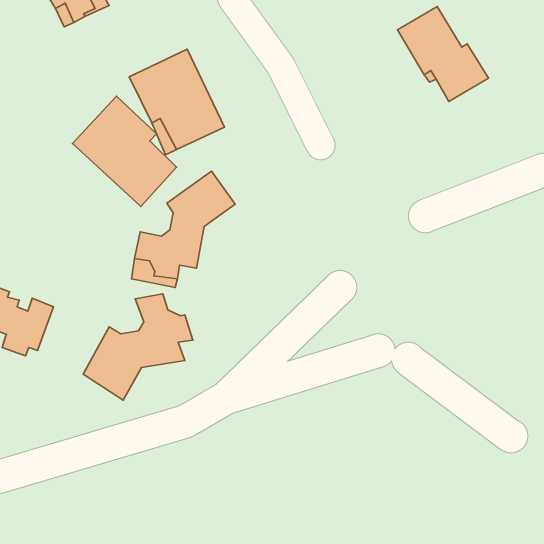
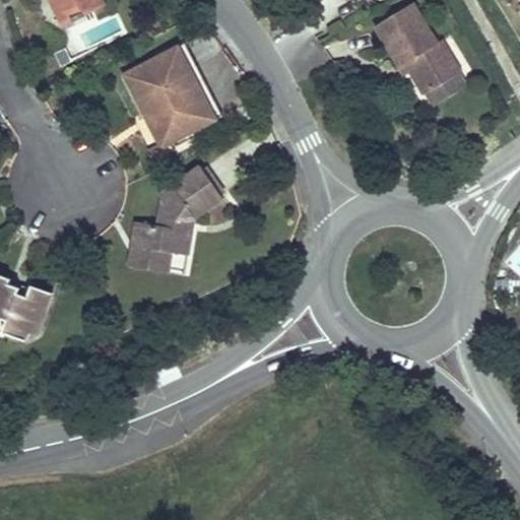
building: [73,96,177,207] -> none
building: [83,294,193,400] -> none

